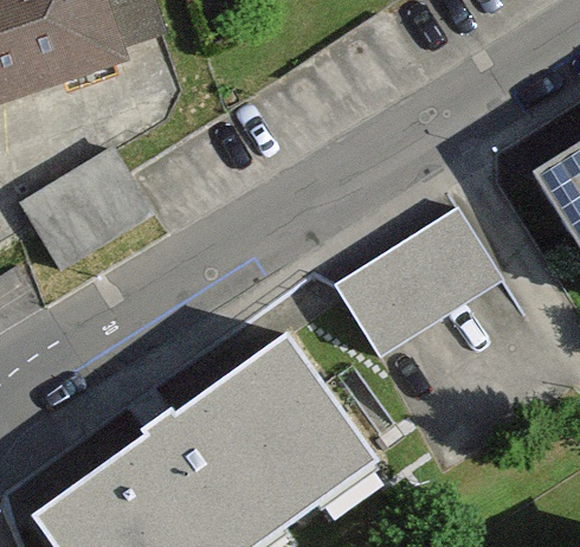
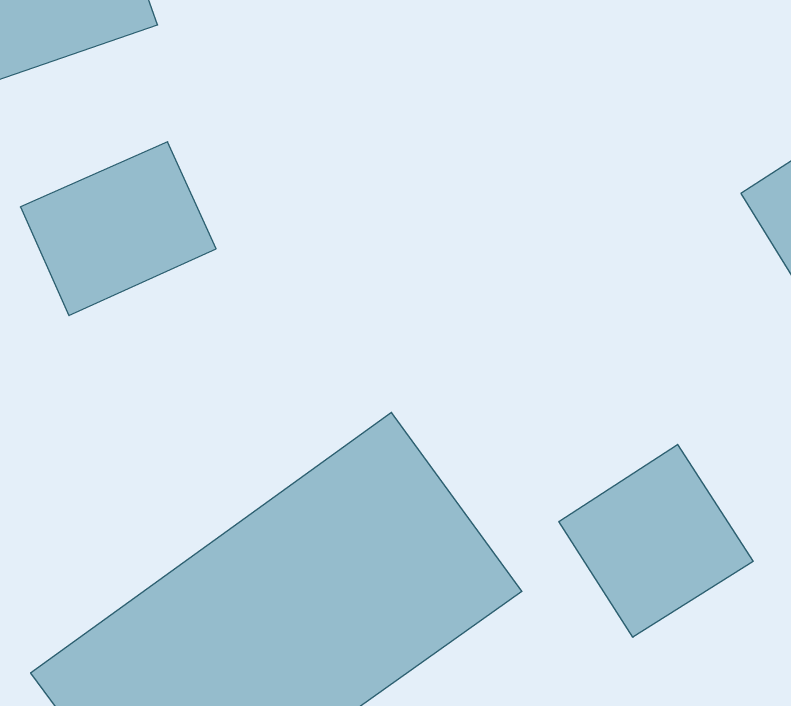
building: [335,208,504,359] -> none
building: none -> [559,444,753,637]

